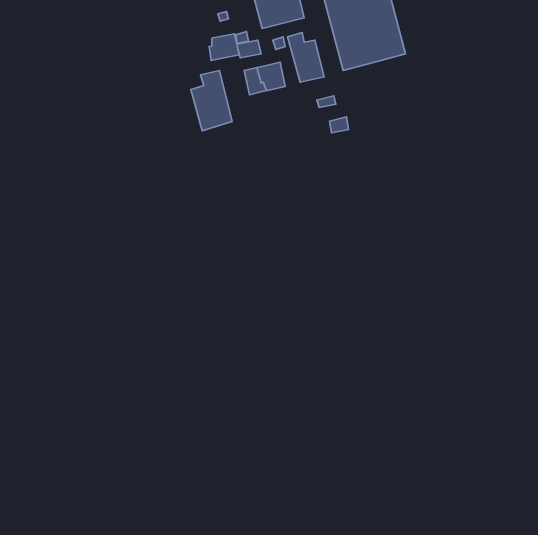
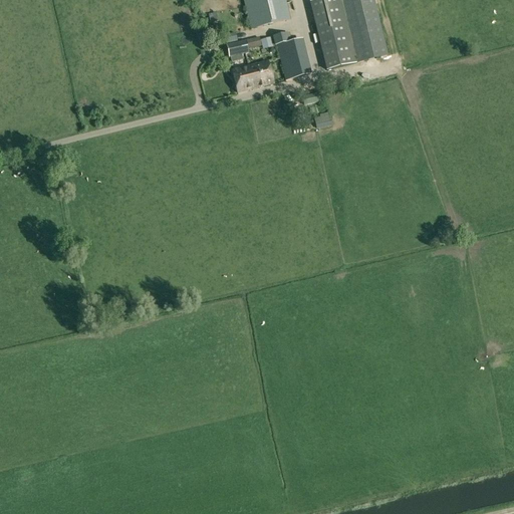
building: [209,34,239,60] -> none
building: [191,70,232,131] -> none

